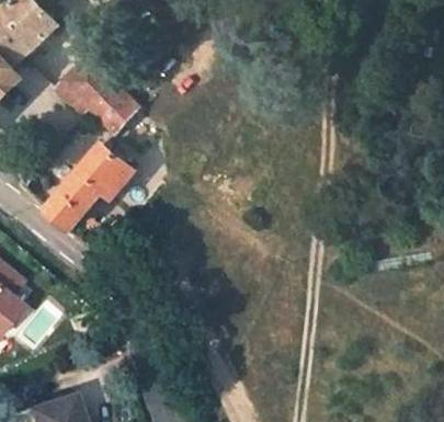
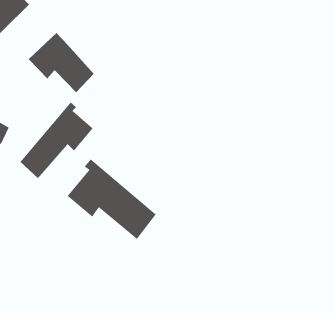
building: none -> [67,159,157,240]

